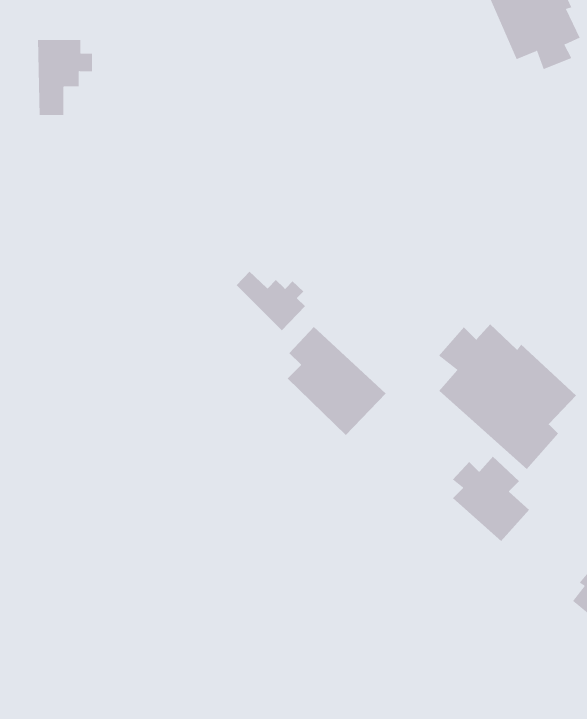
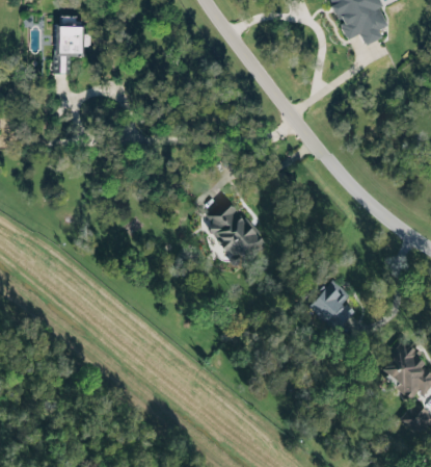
building: [236,271,306,331] -> none
building: [438,323,577,470] -> none

